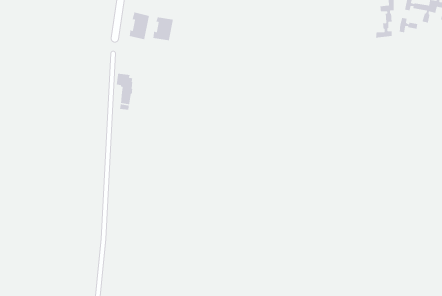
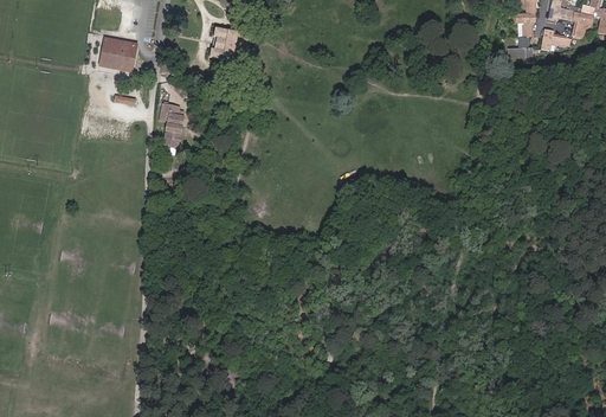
building: [129,12,150,40] -> none
building: none -> [99,36,138,71]

